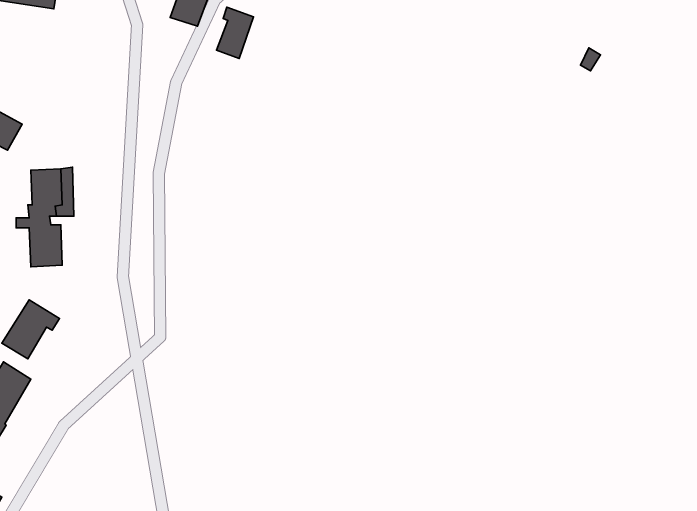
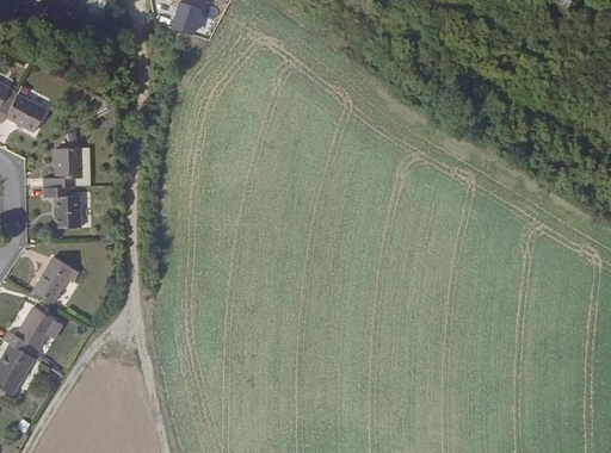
building: [216,7,254,59] -> none

